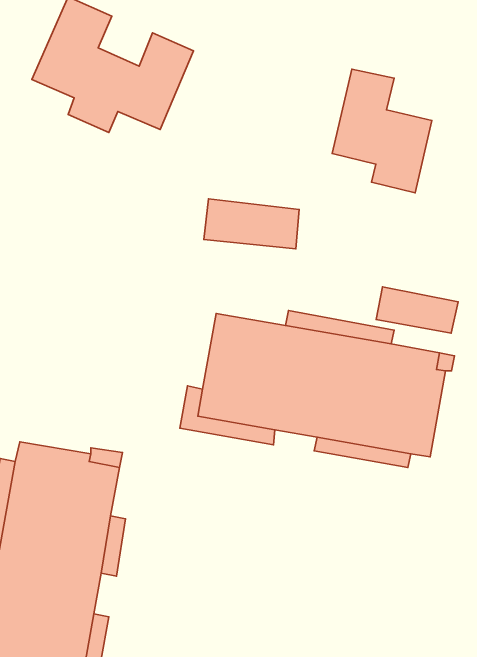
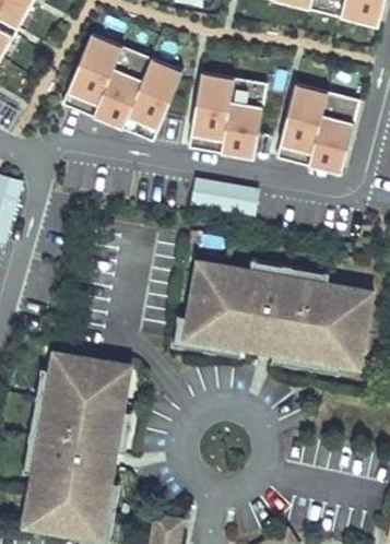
building: none -> [190,72,262,159]
building: [376,287,458,333] -> none

